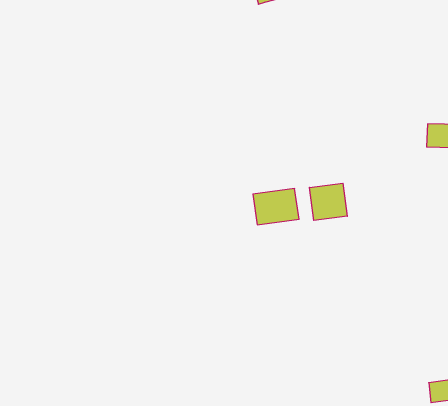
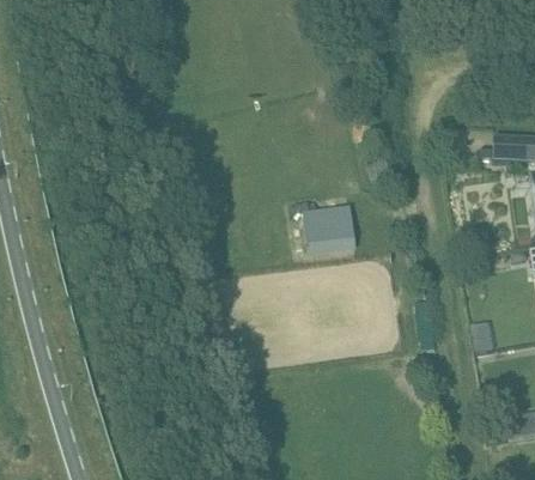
building: [309,183,347,220] -> none

